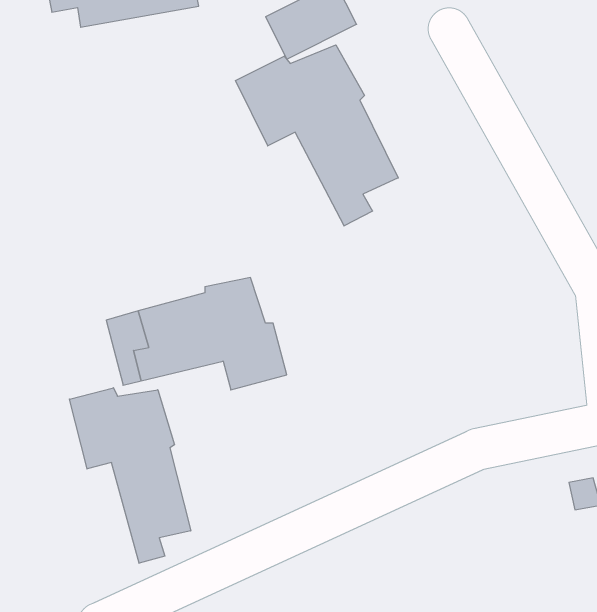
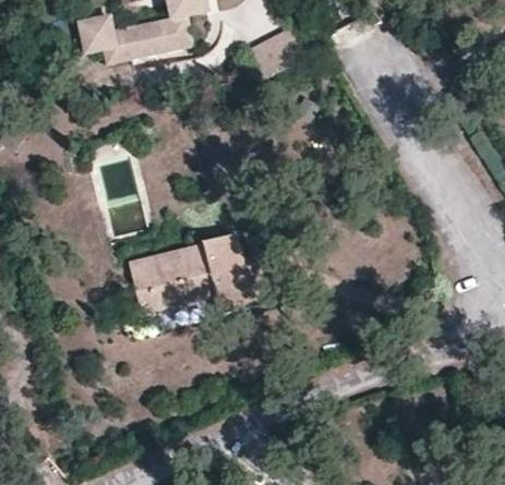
building: [235,45,398,226] -> none
building: [69,388,191,563] -> none

